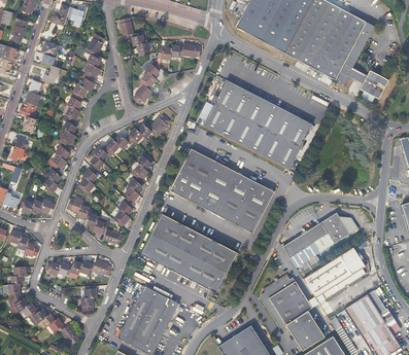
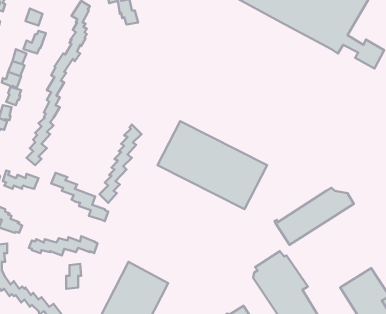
building: [158,43,201,59] -> none
building: [133,62,161,104] -> none
building: [203,79,312,169] -> none
building: [77,113,171,194] -> none
building: [141,213,237,292] -> none
building: [303,246,369,298] -> none

